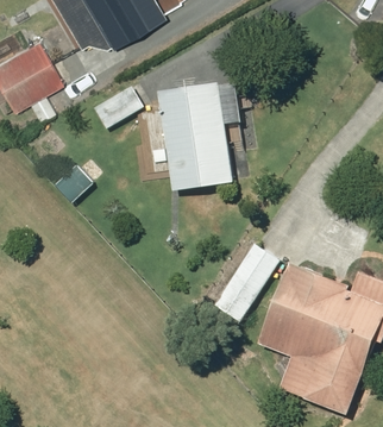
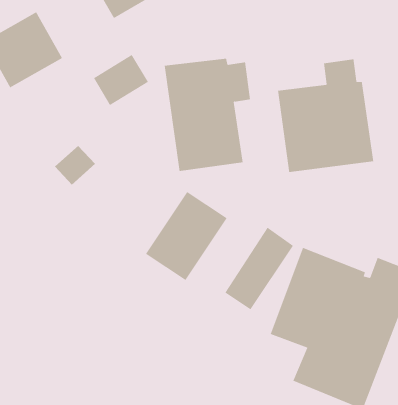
building: none -> [277,59,374,173]
building: none -> [145,191,228,281]

